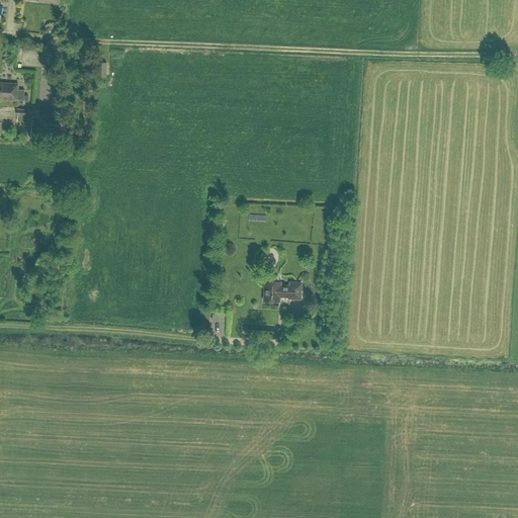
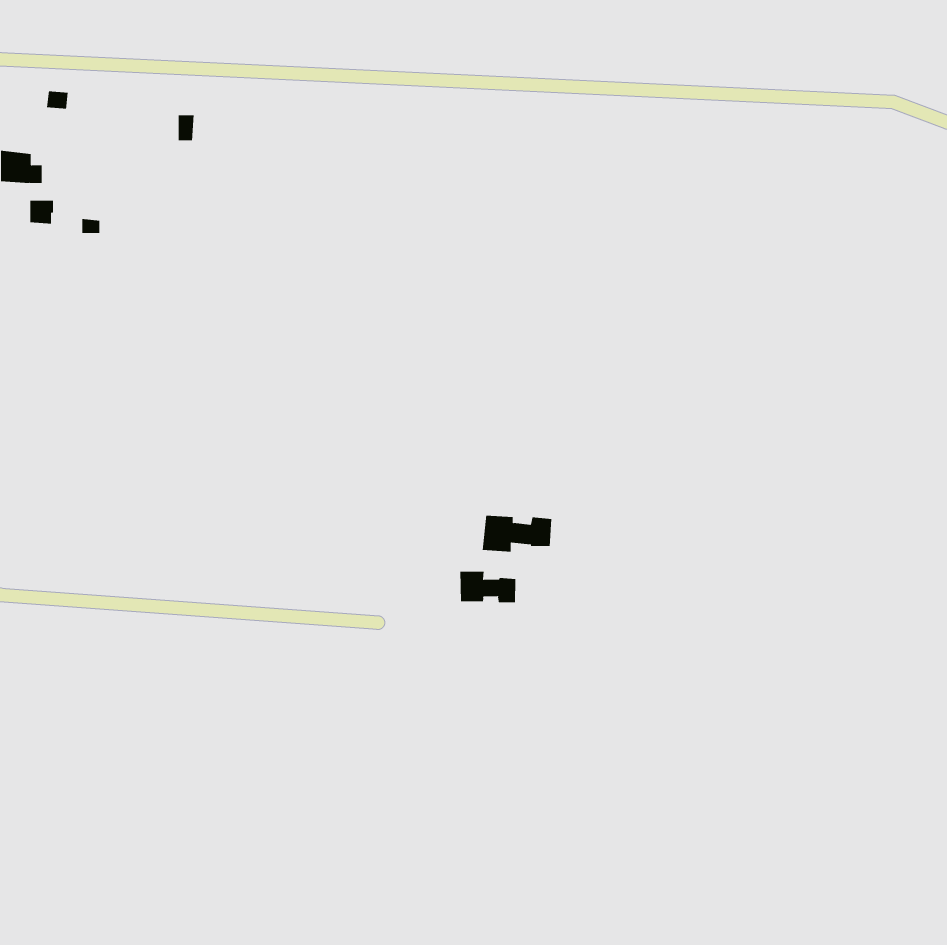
building: none -> [460,571,516,603]

